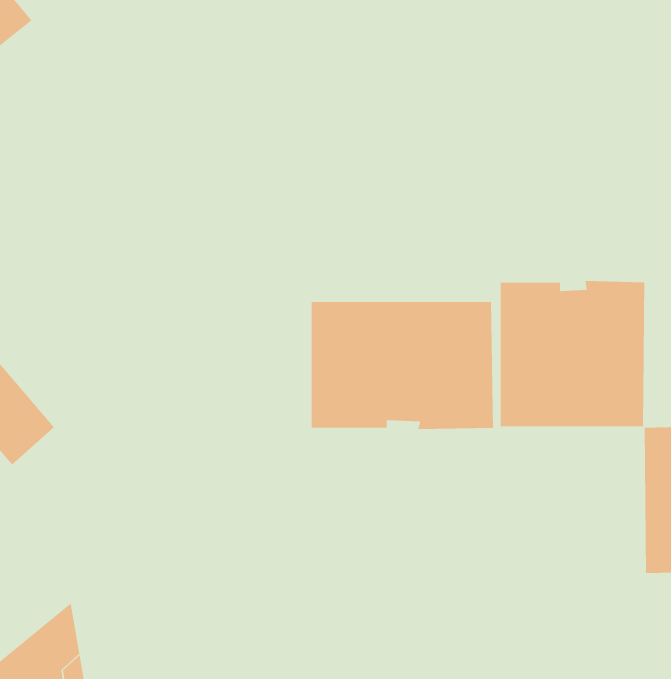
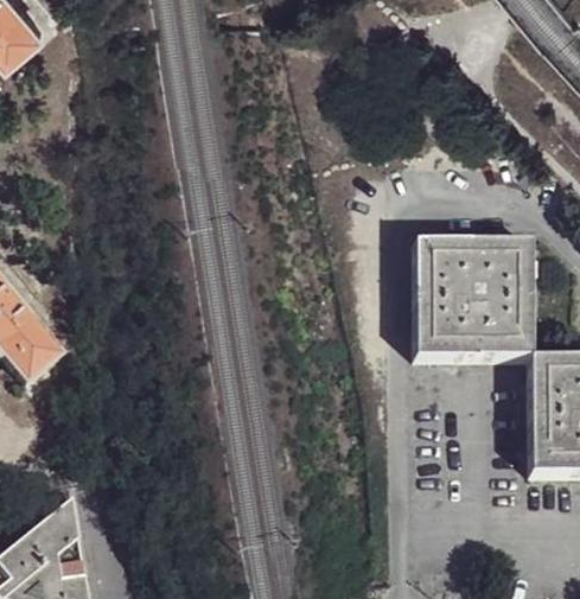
building: [311,301,494,430] -> none

